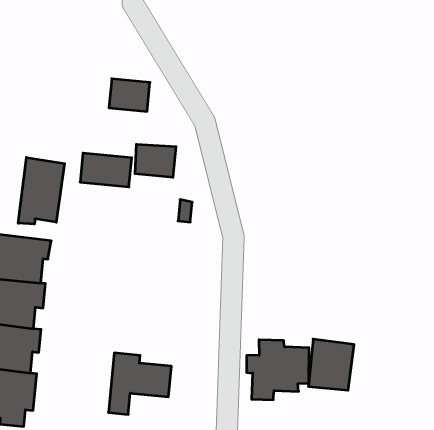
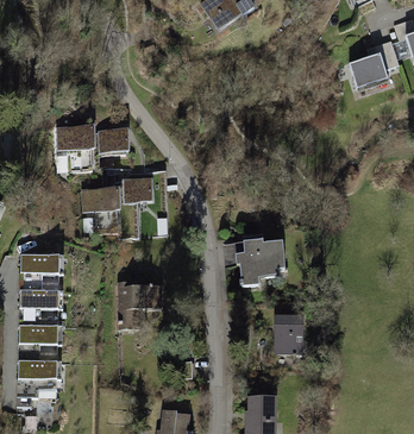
building: none -> [56,126,94,149]
building: [18,157,65,224] -> none
building: [247,340,309,400] -> [234,234,284,282]
building: [108,353,171,414] -> [115,279,161,326]

